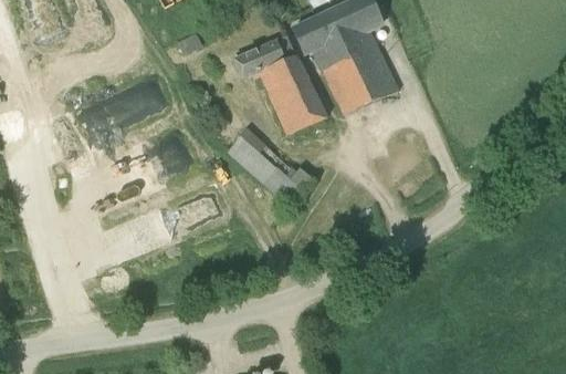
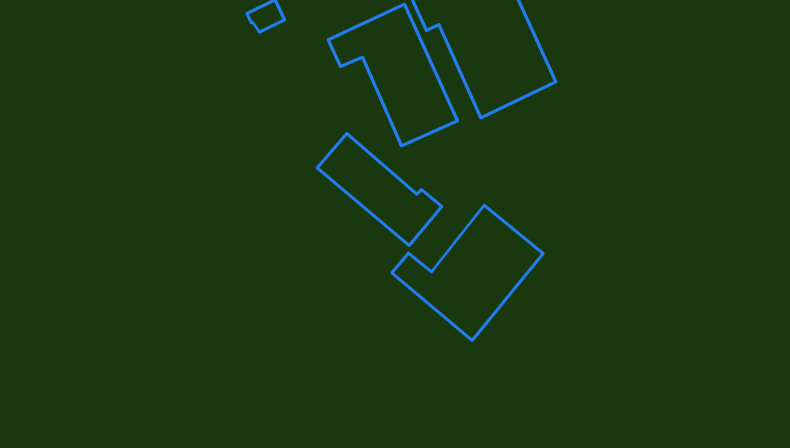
building: none -> [392,205,543,341]

